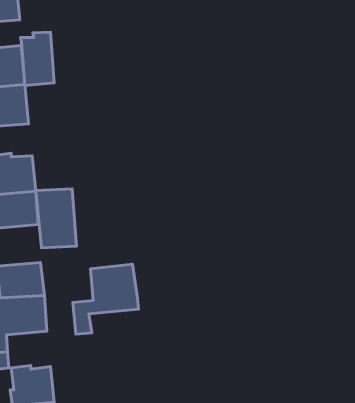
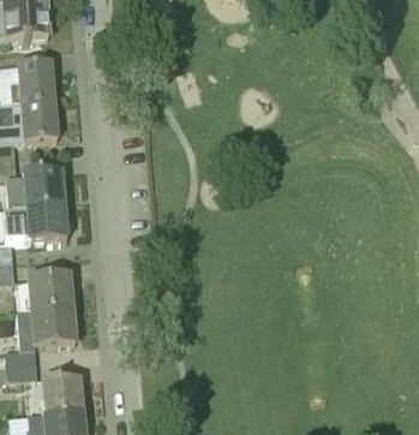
building: [21,32,54,86] -> none
building: [36,189,77,248] -> none
building: [73,264,138,334] -> none

